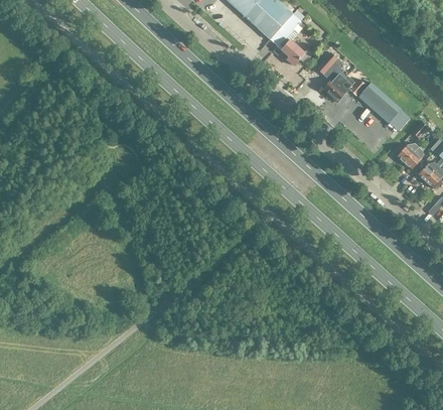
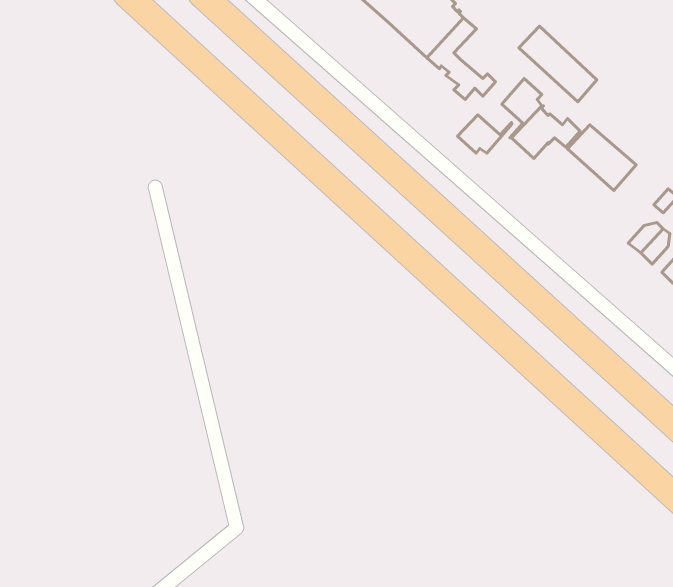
building: none -> [519,26,597,102]
building: none -> [458,115,512,153]

